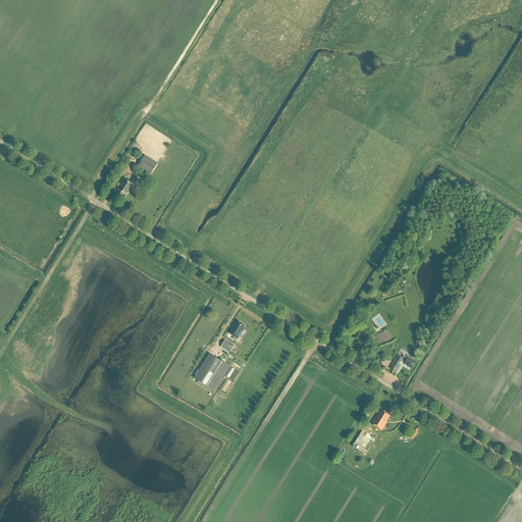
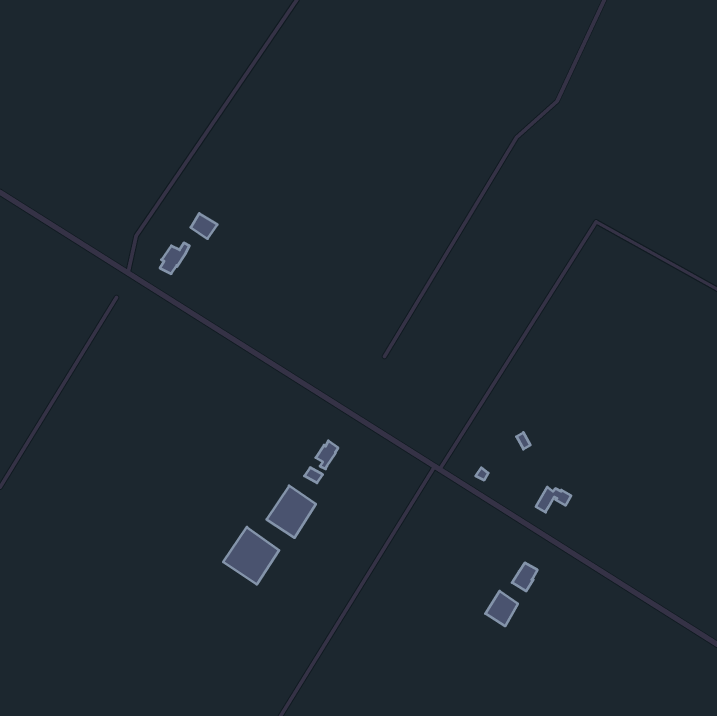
building: none -> [223,527,279,584]

